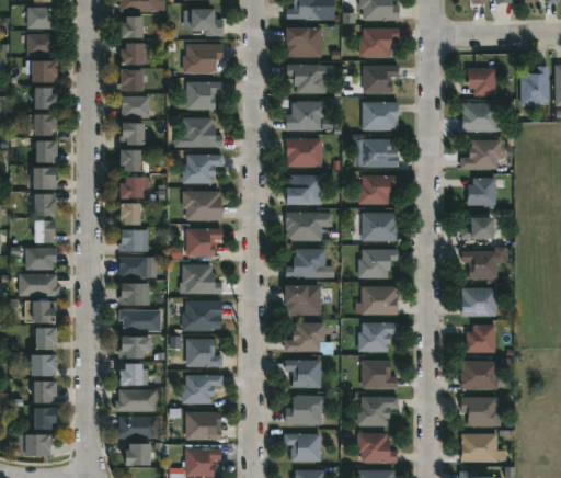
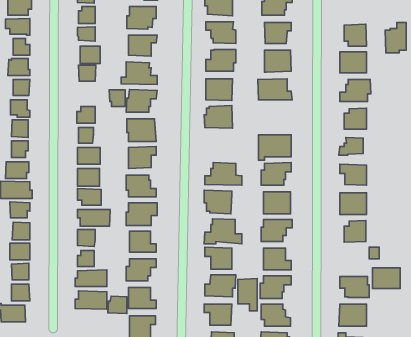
building: [119,148,140,170] -> [109,90,125,106]
building: [359,175,398,205] -> none
building: [286,213,322,240] -> none
building: [462,362,499,389] -> [373,268,400,289]
building: none -> [238,278,257,311]
building: [124,443,149,466] -> [108,296,127,314]

